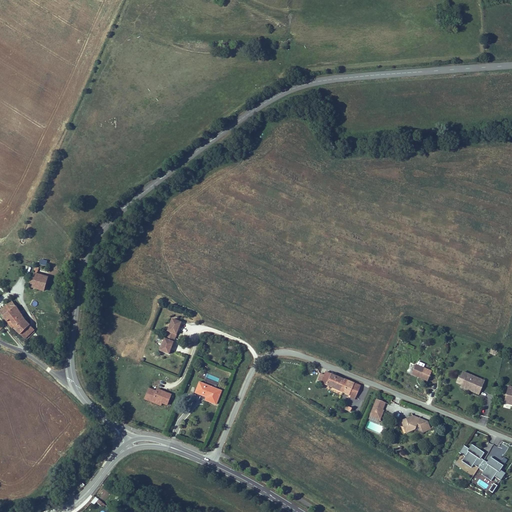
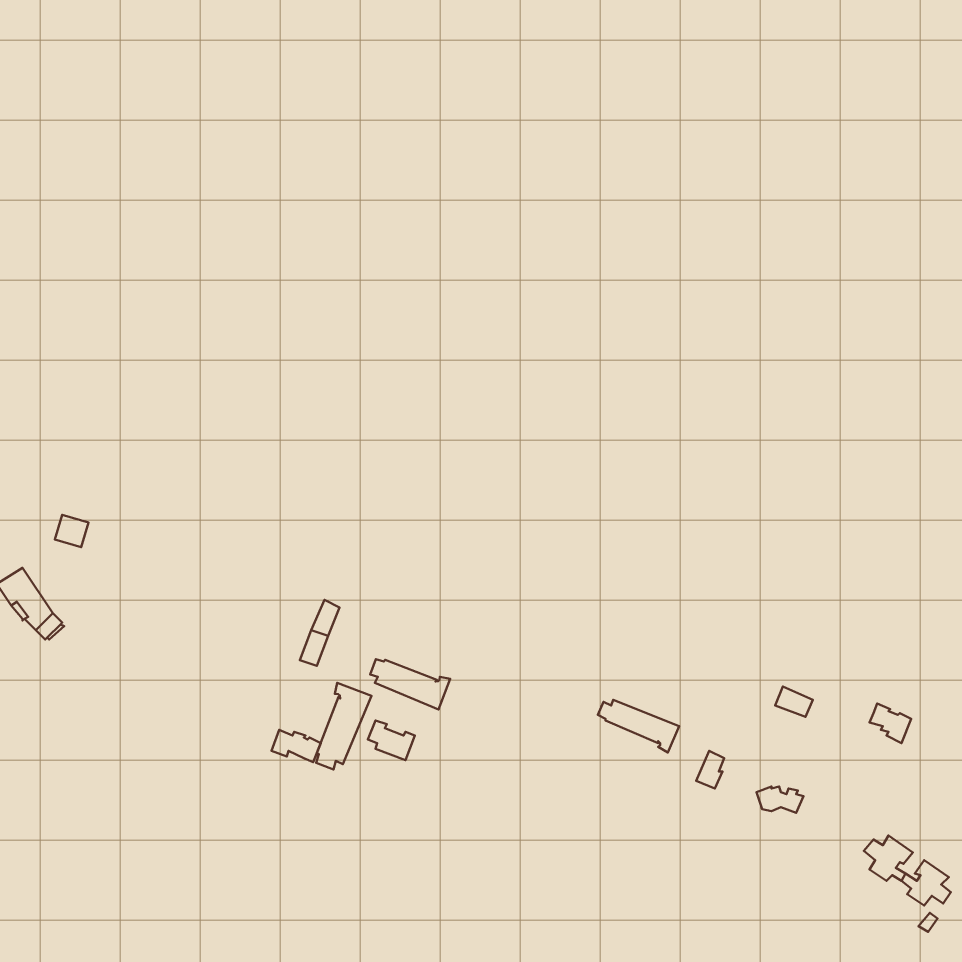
building: none -> [370,659,450,709]
building: none -> [316,683,372,769]

